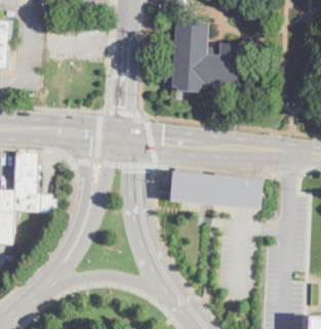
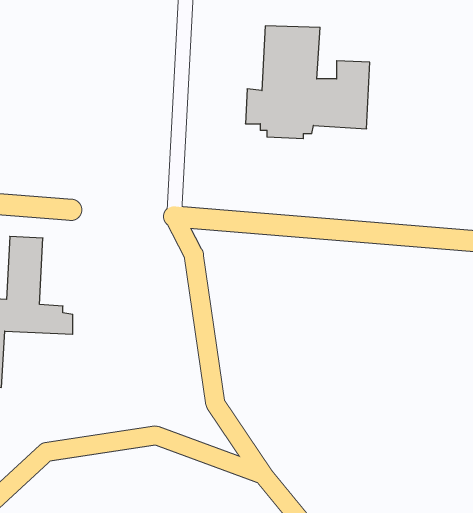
building: [170,171,262,208] -> none

